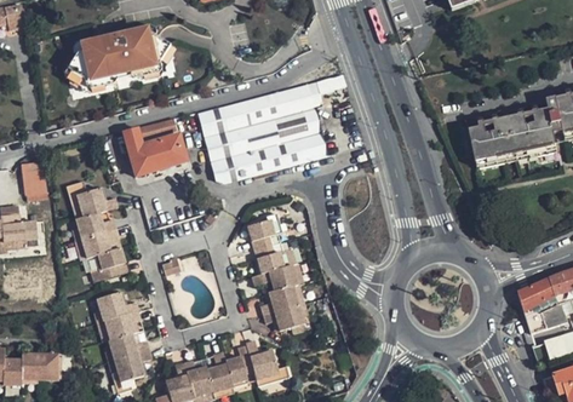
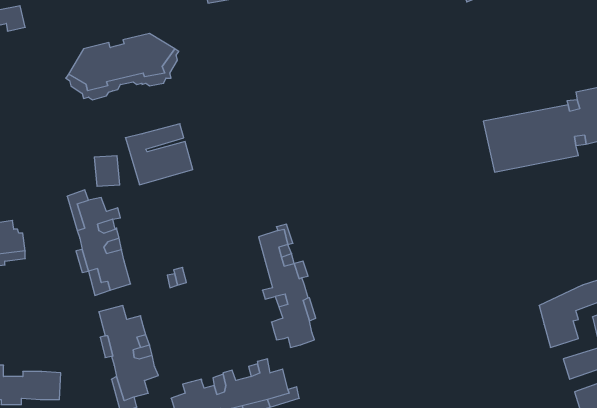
building: [200,81,327,182] -> none
building: [22,159,46,188] -> [94,156,120,186]

